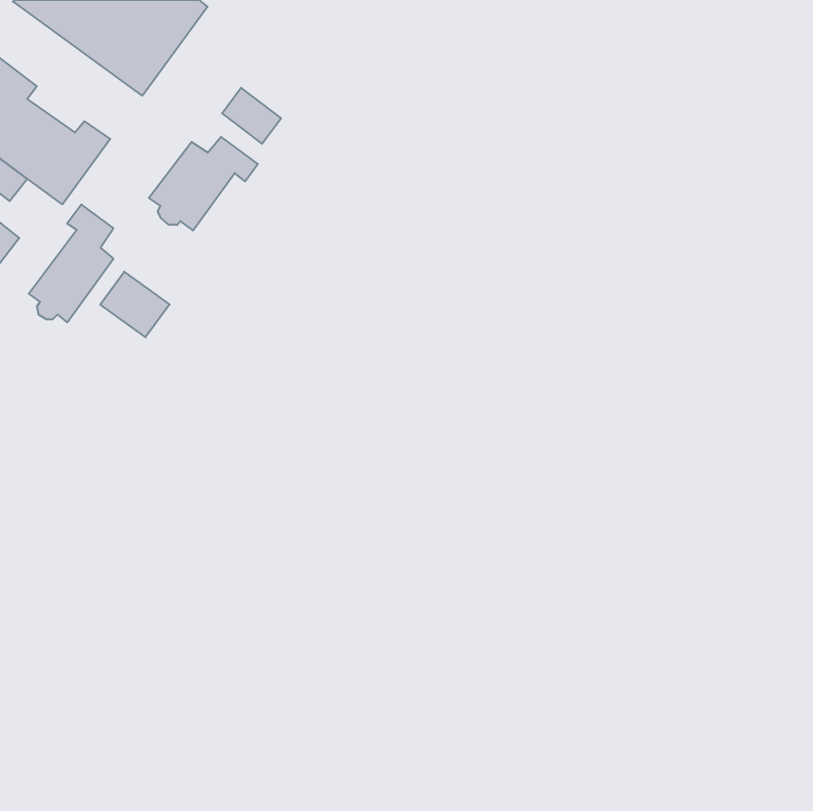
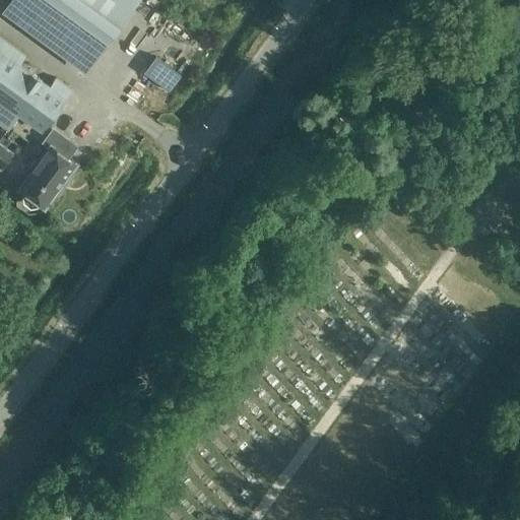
building: [149,137,258,231] -> none
building: [100,272,170,337] -> none

